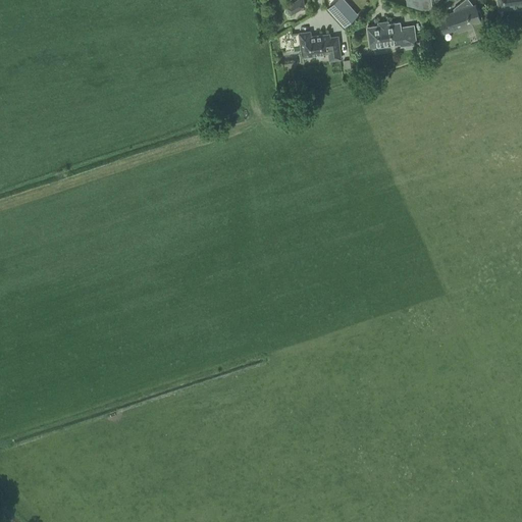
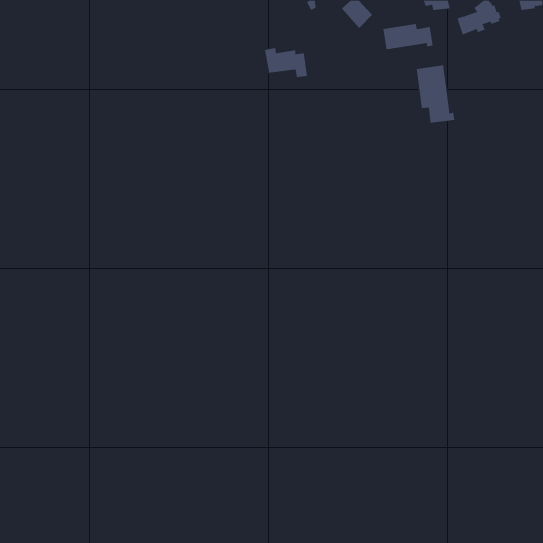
building: [299,32,341,60] -> [264,48,308,77]
building: none -> [416,65,455,124]

